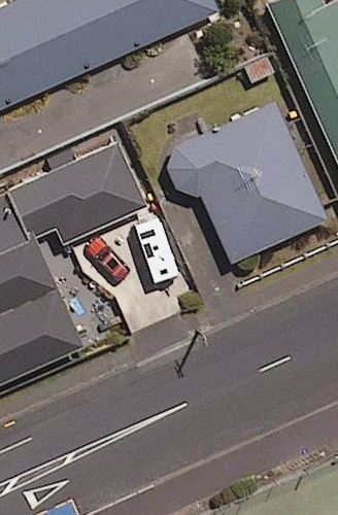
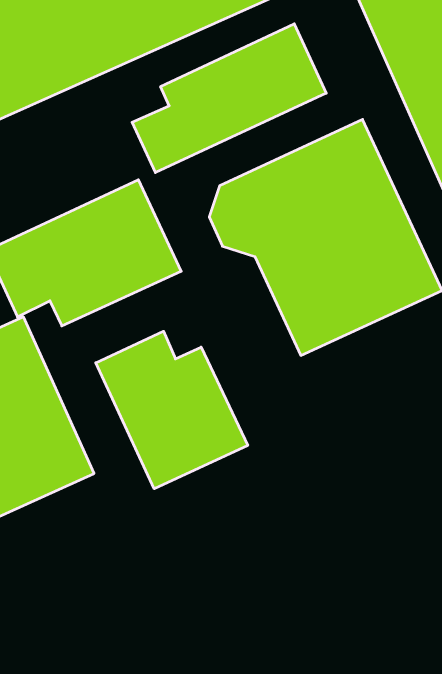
building: none -> [132,24,326,173]
building: none -> [96,331,248,489]

